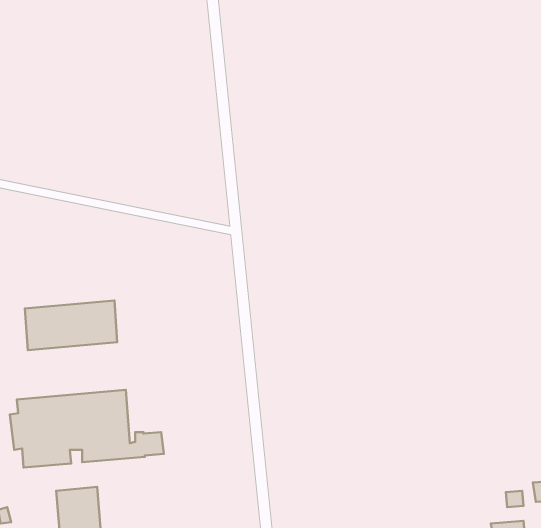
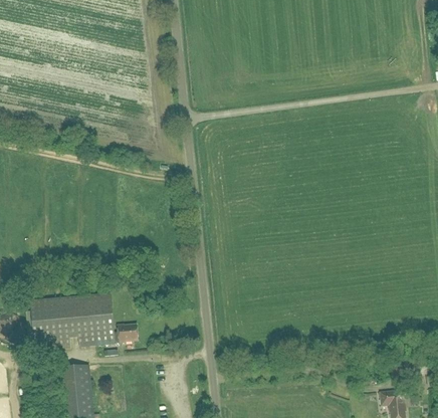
building: [25,301,117,350] -> none

